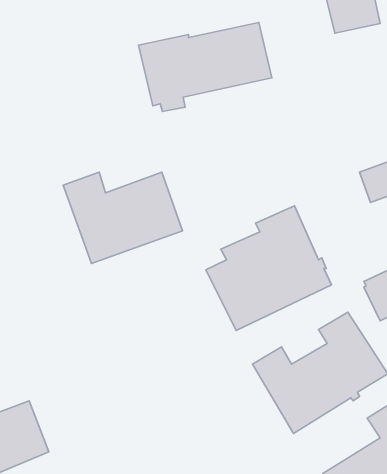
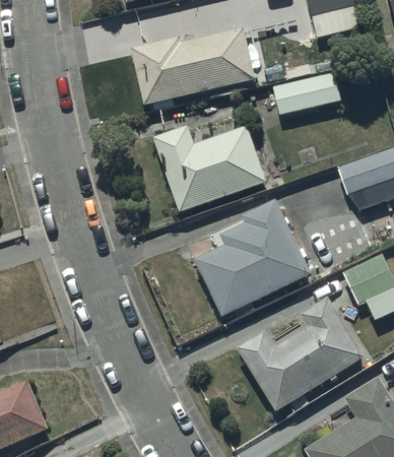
building: none -> [274,67,340,116]
building: [63,172,183,263] -> [153,126,265,211]

